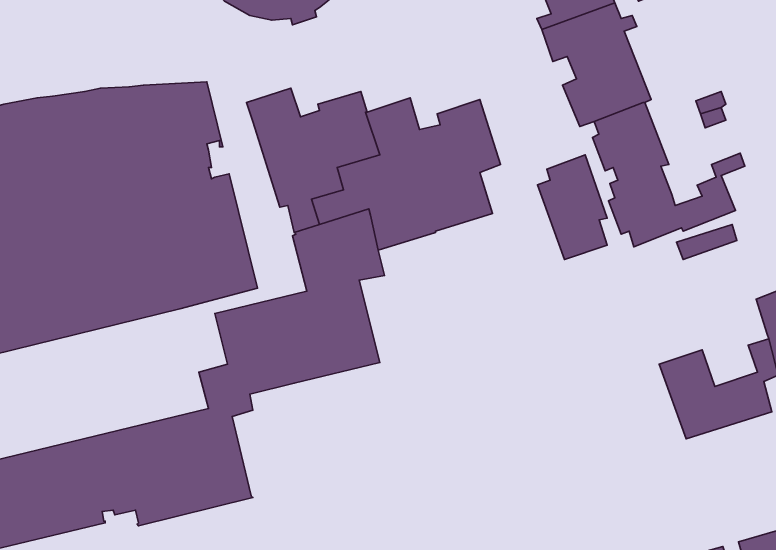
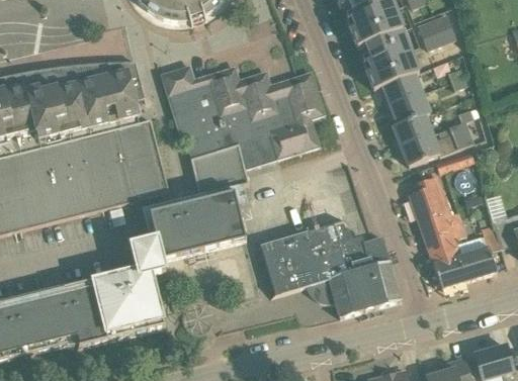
building: none -> [418,12,456,49]
building: [537,155,607,259] -> [407,173,451,240]
building: none -> [254,219,400,317]

